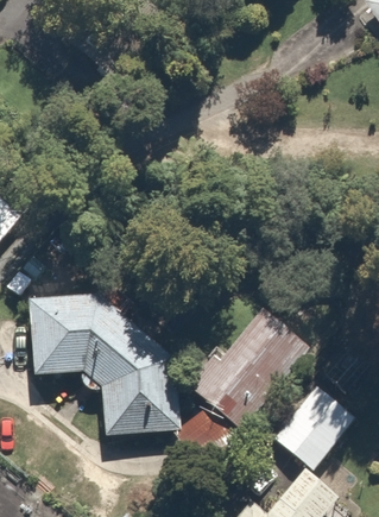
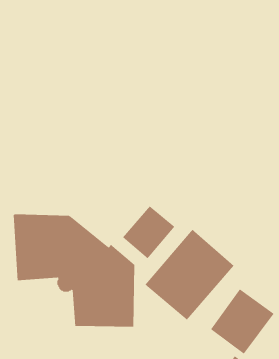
building: none -> [122,205,175,259]

